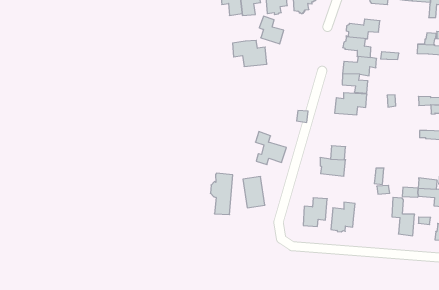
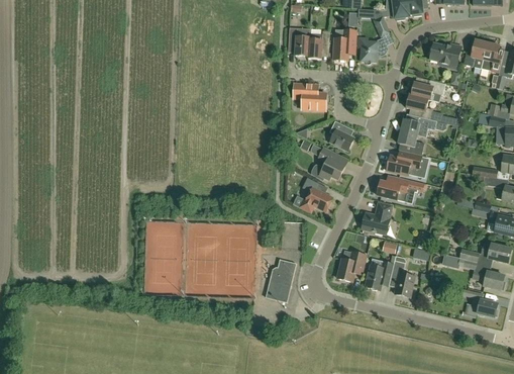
building: [259,16,284,44] -> [329,119,353,150]
building: none -> [310,147,344,180]
building: none -> [377,175,424,200]
building: [210,173,233,215] -> [271,258,296,301]
building: [392,197,415,236] -> [391,255,414,296]

